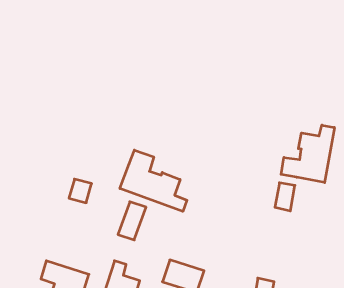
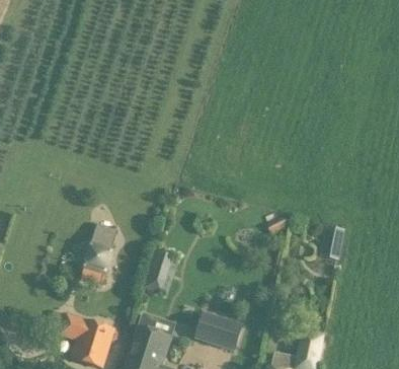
building: [281,125,334,183] -> none
building: [120,150,187,211] -> none
building: none -> [80,244,113,283]

